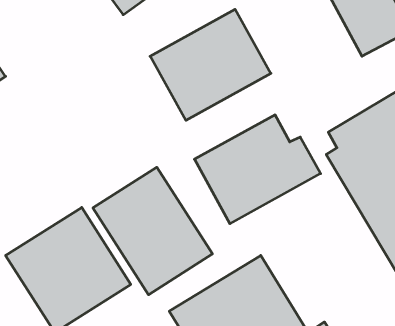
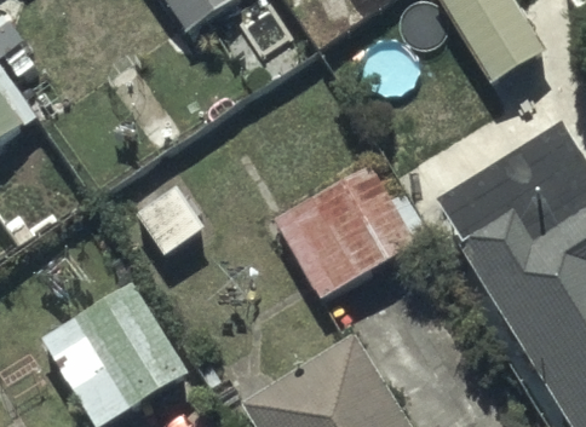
building: [150,9,271,120] -> none
building: [93,167,212,295] -> none

